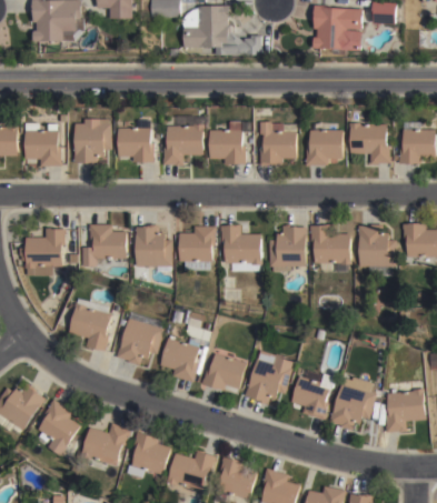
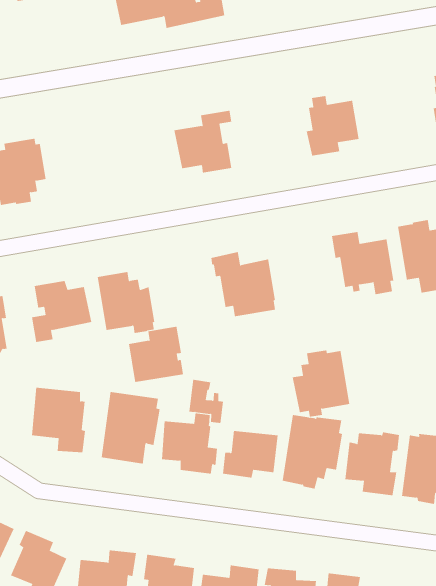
building: [161,115,205,165] -> none
building: [118,118,155,163] -> none
building: [260,121,297,165] -> none
building: [349,123,390,163] -> none
building: [268,225,307,272] -> [292,350,350,417]
building: [179,227,217,262] -> [128,326,184,383]

